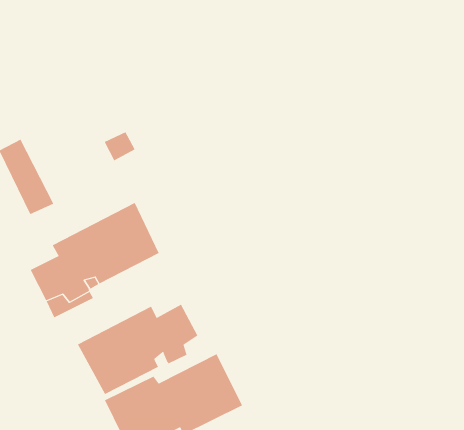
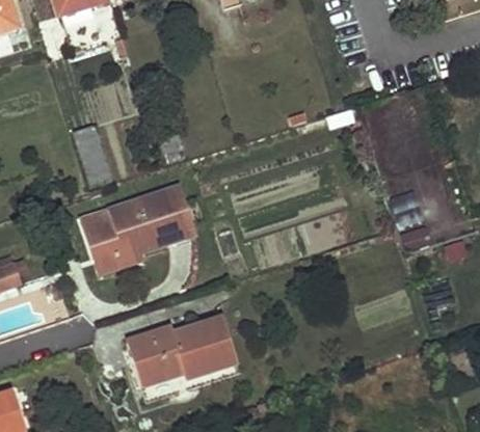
building: [77,304,198,395] -> none

